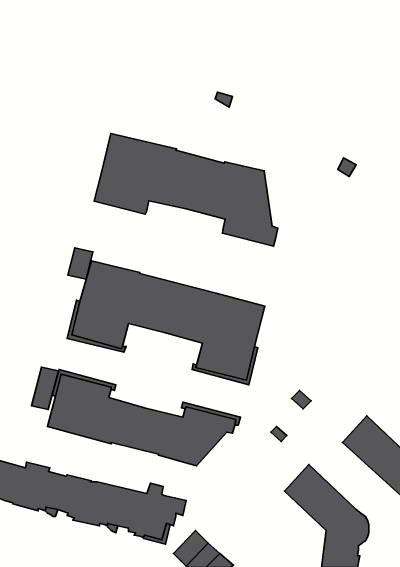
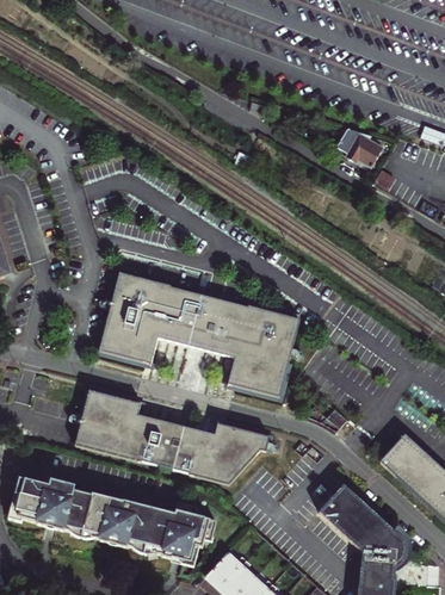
building: none -> [334,128,381,166]
building: [94,133,278,246] -> none
building: [68,248,93,279] -> none
building: [31,367,58,410] -> none

